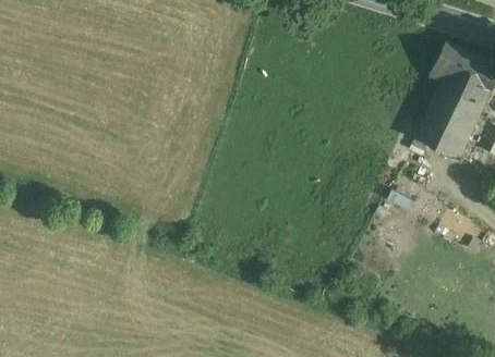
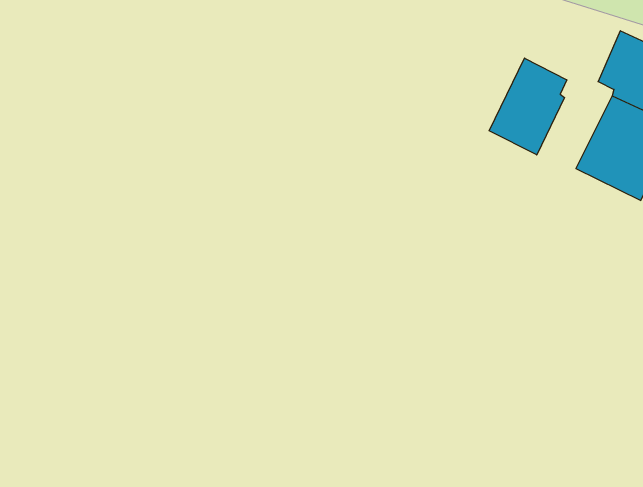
building: none -> [489,58,567,155]

